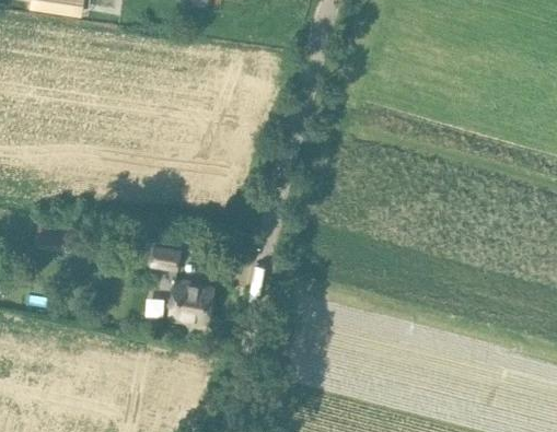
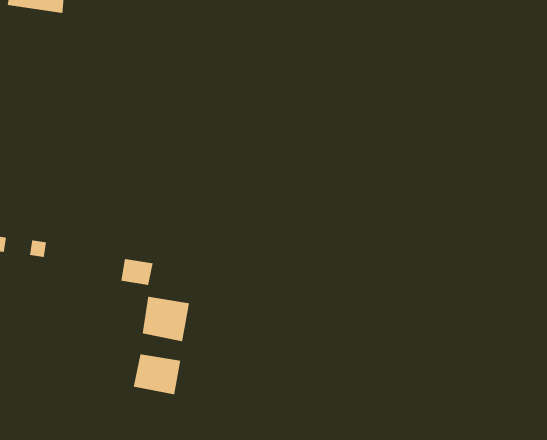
building: none -> [133,354,181,395]

